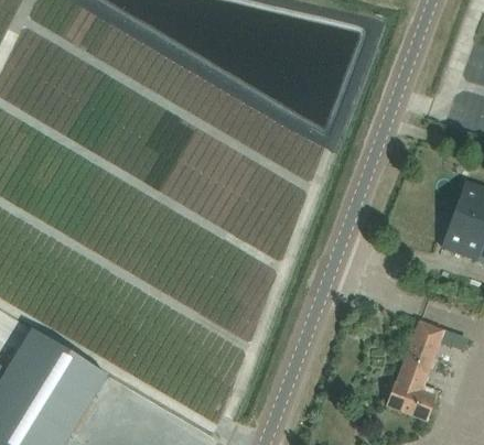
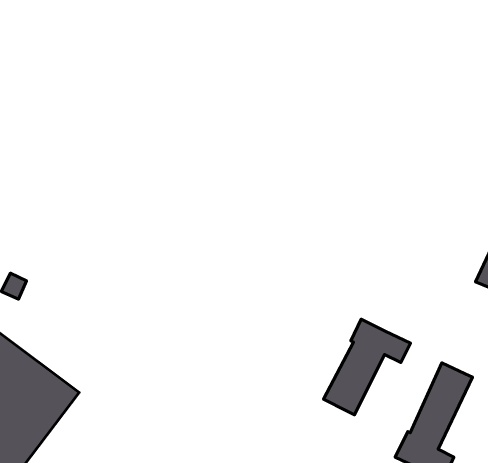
building: none -> [323,319,411,415]

